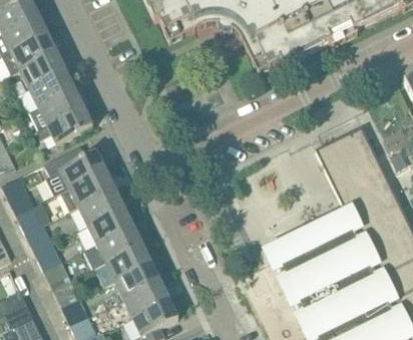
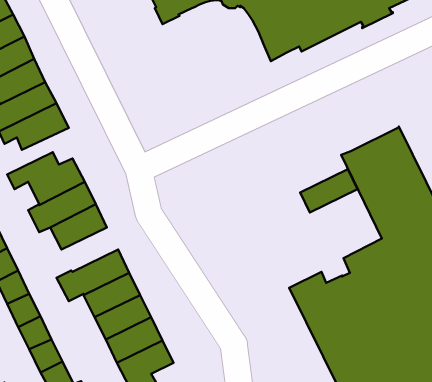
building: none -> [300,169,358,213]
building: [85,205,131,241] -> none

